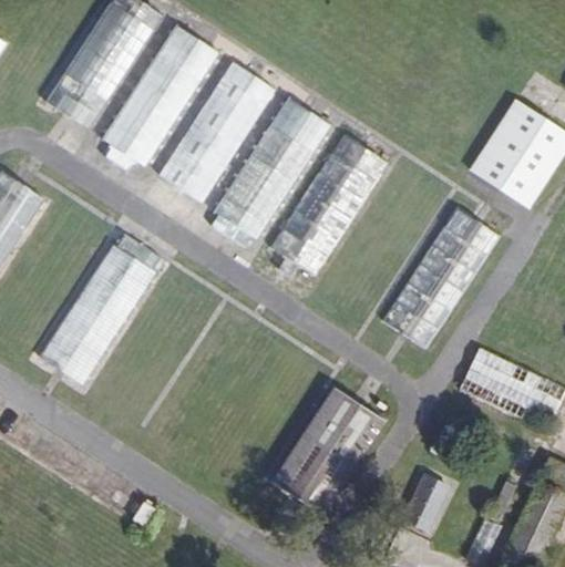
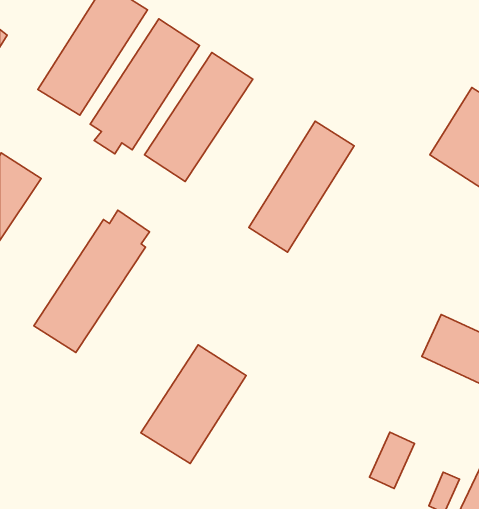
building: [213,99,330,245] -> none
building: [383,206,501,347] -> none
building: [270,388,384,516] -> [141,345,246,464]

